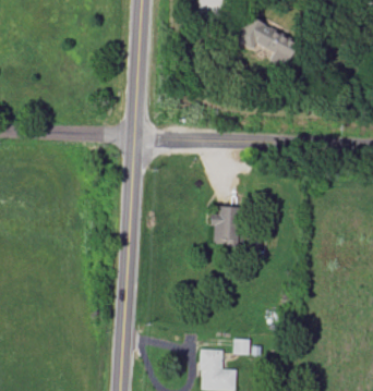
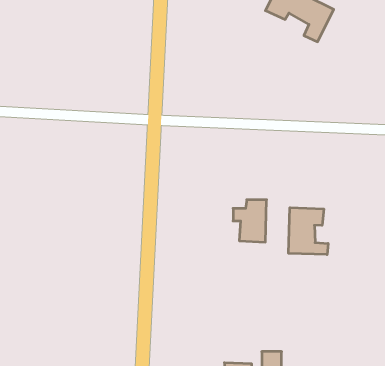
building: none -> [289,208,328,255]

